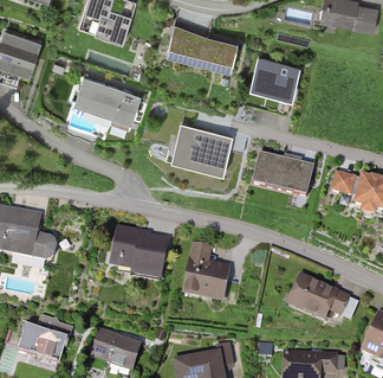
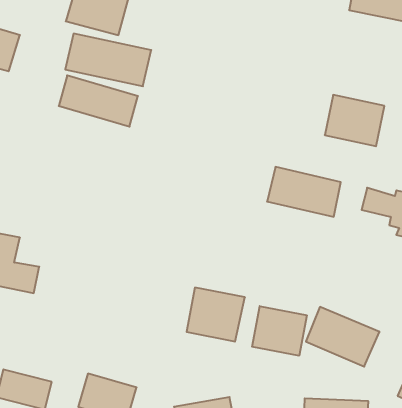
building: [165,26,239,71] -> [65,34,151,86]
building: [249,57,300,101] -> [325,95,384,146]
building: [169,120,229,172] -> none
building: [106,226,167,276] -> none
building: none -> [252,306,307,356]

